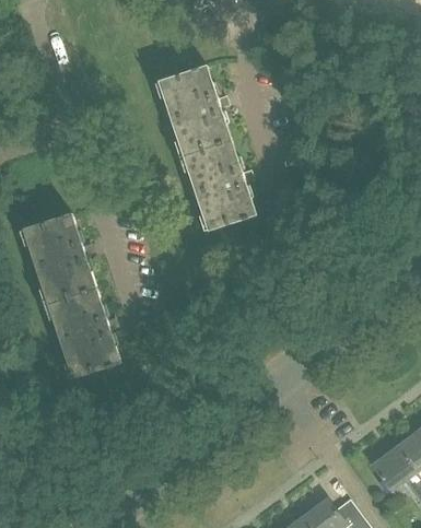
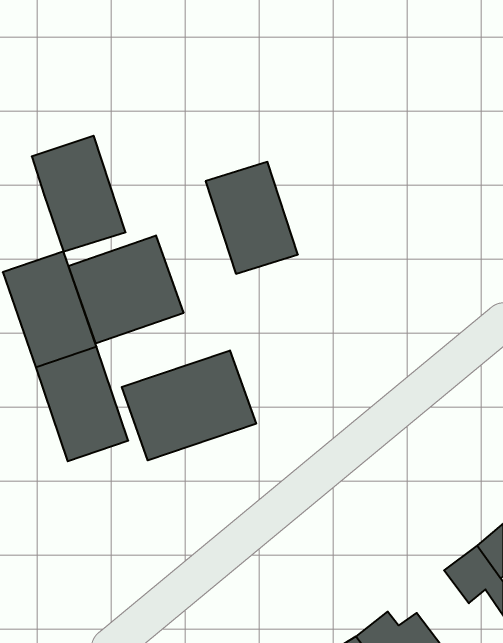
building: [156,66,231,157] -> [32,136,126,252]
building: none -> [68,235,183,344]
building: none -> [122,350,256,460]

